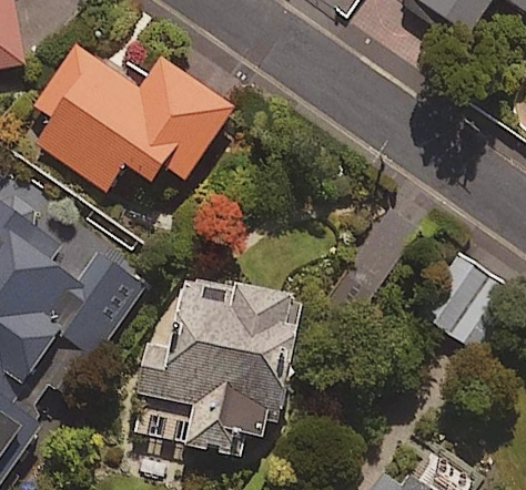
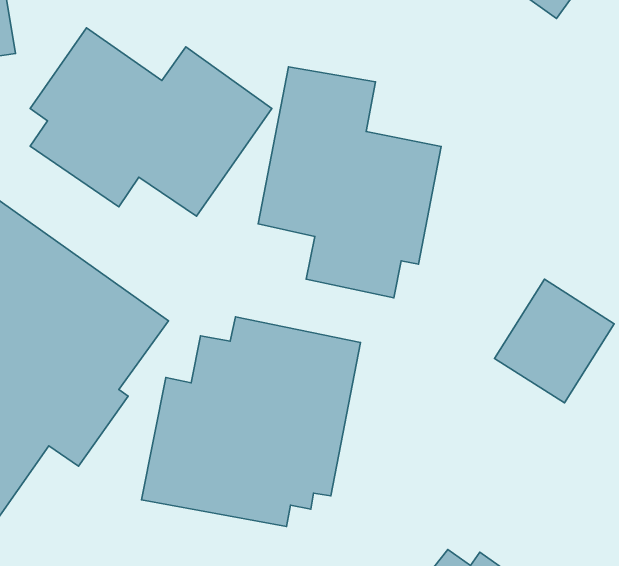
building: none -> [258,67,441,298]

